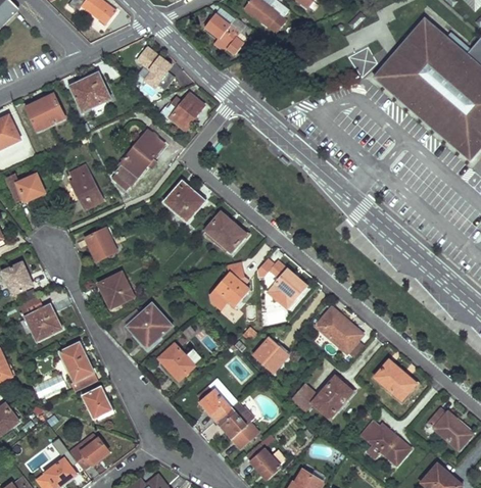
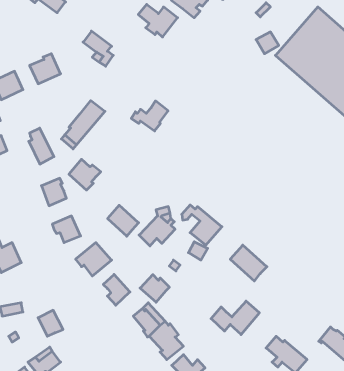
building: [158,93,203,130] -> [131,101,168,131]
building: [164,184,203,222] -> [69,159,101,190]
building: [207,213,245,251] -> [108,205,139,236]
building: [253,338,289,372] -> [140,275,169,302]
building: [60,343,98,392] -> none
building: [375,361,413,399] -> none

